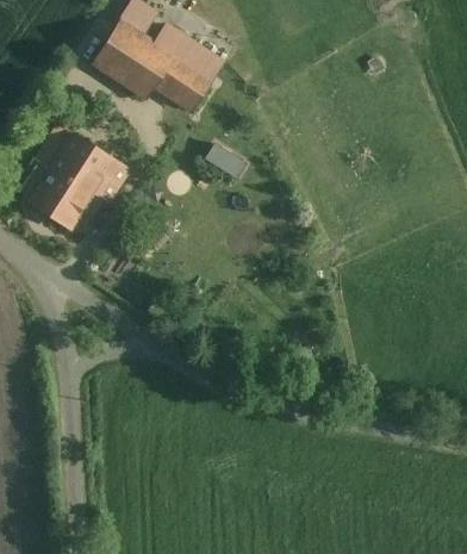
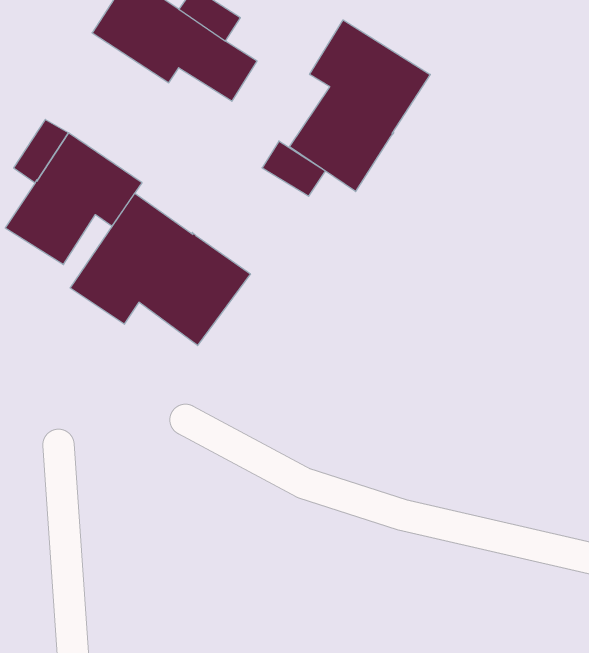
building: none -> [290,20,430,192]
building: none -> [70,193,250,346]

